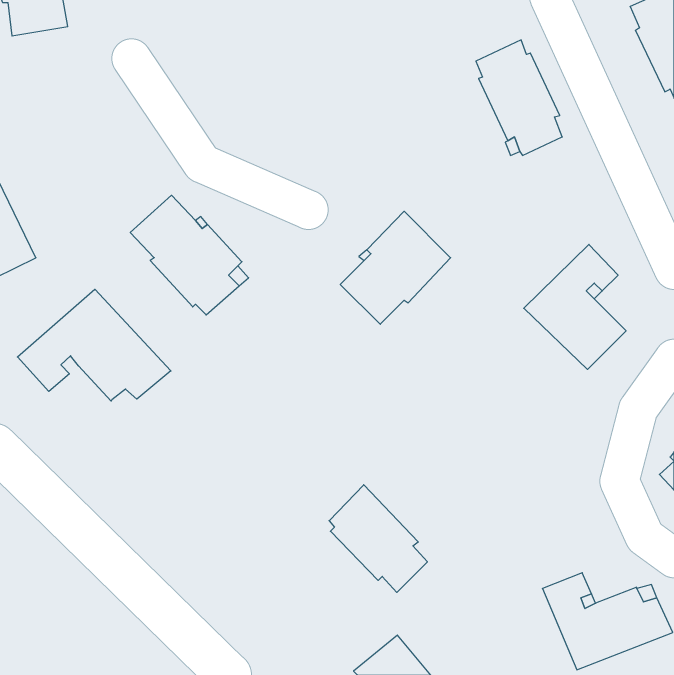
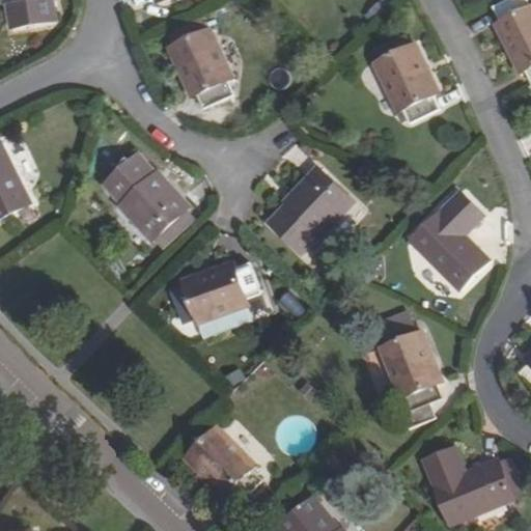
building: none -> [164,17,231,107]
building: [17,289,171,401] -> none
building: none -> [180,260,259,322]
building: none -> [380,317,442,409]
building: [329,485,427,592] -> [184,420,260,504]

